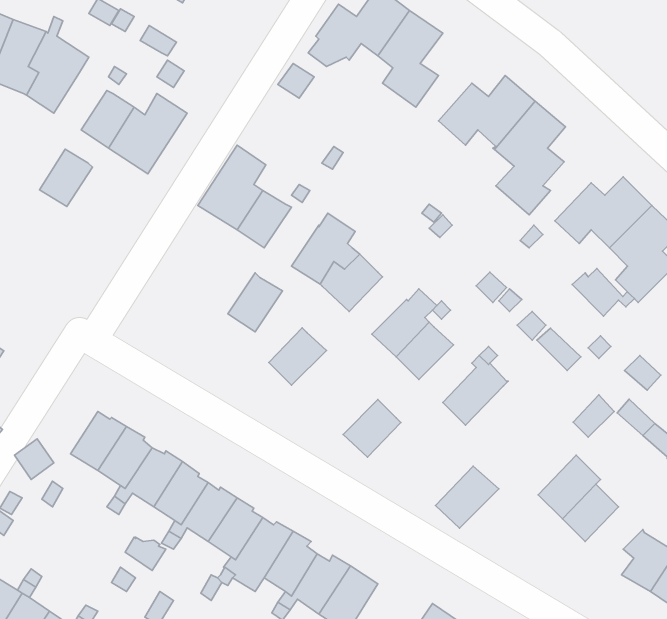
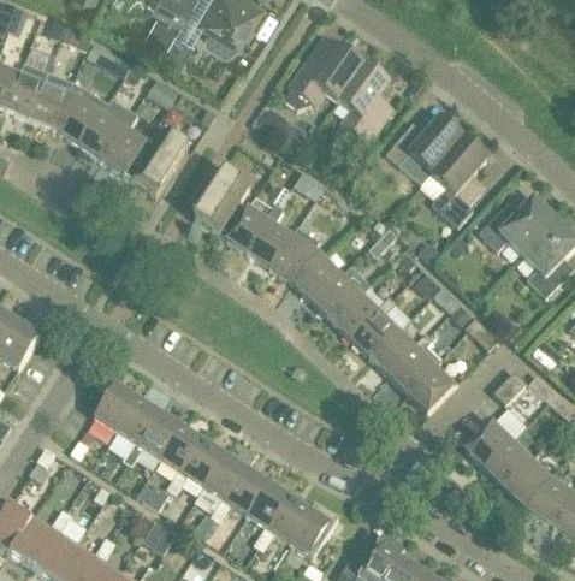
building: [39,149,92,207] -> [81,114,123,160]
building: [572,269,634,316] -> none
building: [228,273,282,332] -> [248,221,291,268]
building: [269,328,326,385] -> [315,277,361,322]
building: [343,400,401,457] -> [371,331,416,377]
building: [435,466,499,528] -> [408,363,458,413]
building: none -> [503,460,549,514]

